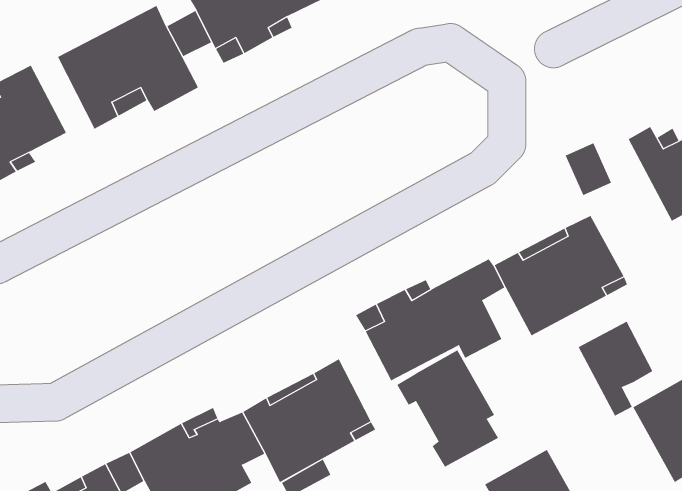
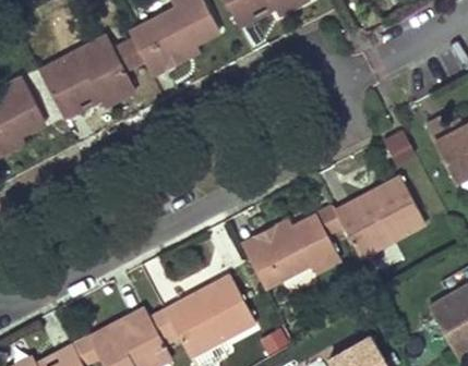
building: [578,321,653,416] -> none
building: [397,349,499,468] -> none

